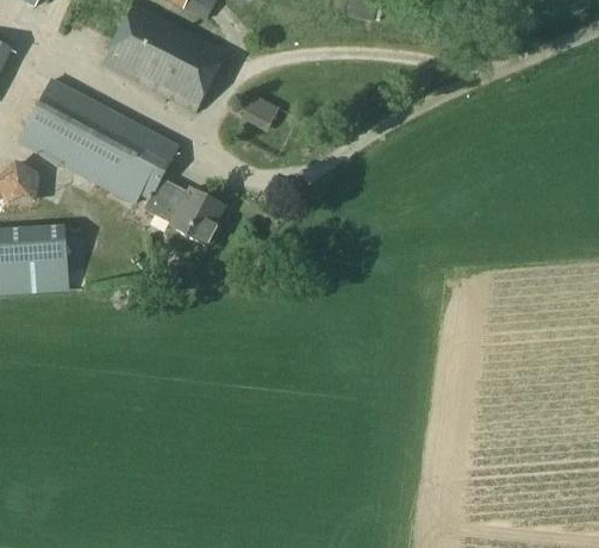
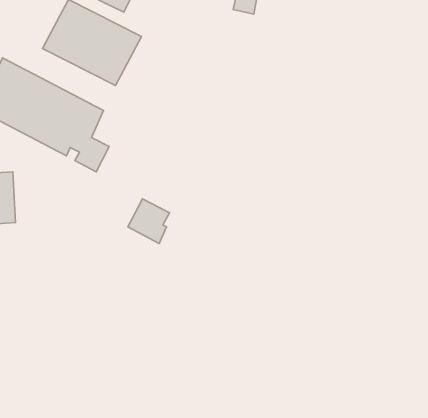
building: [239,93,279,131] -> none
building: [170,189,224,247] -> [128,199,169,243]

